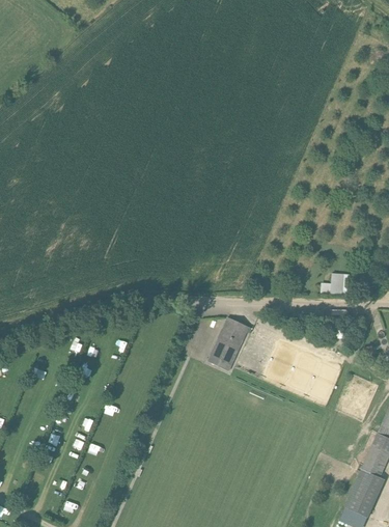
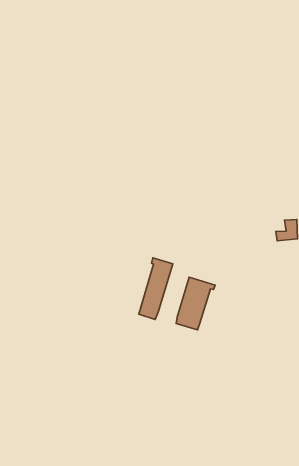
building: none -> [139,258,173,319]

